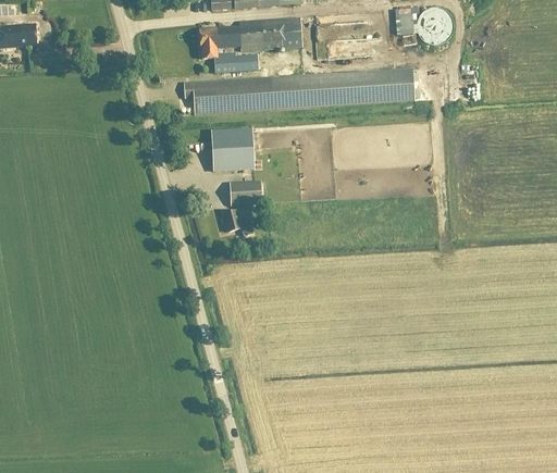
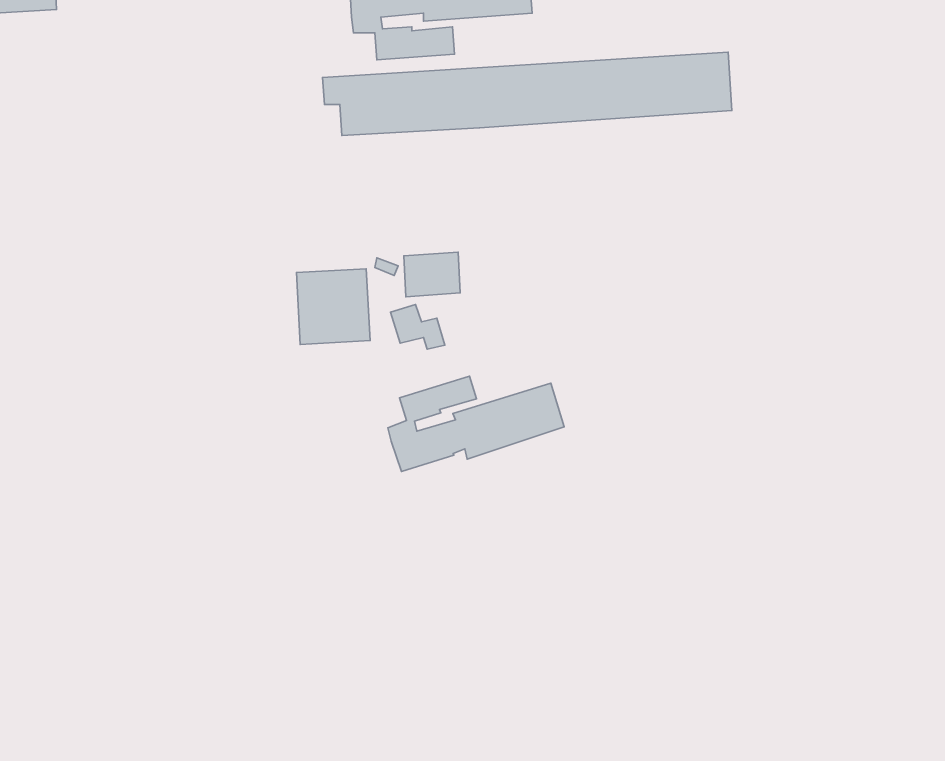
building: [211,129,252,172] -> [296,269,370,344]
building: none -> [388,376,564,472]

